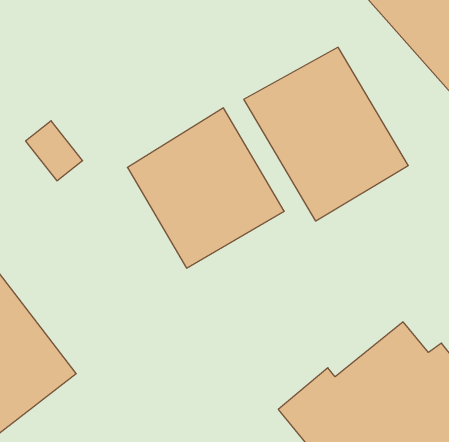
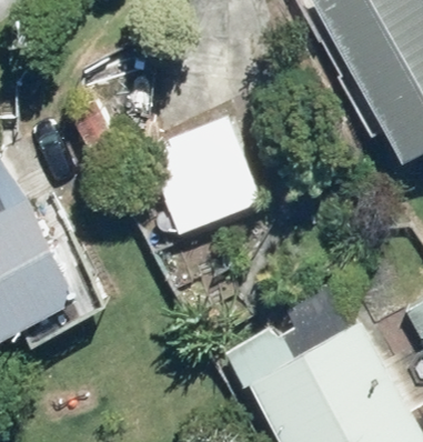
building: [244,47,408,221] -> none

